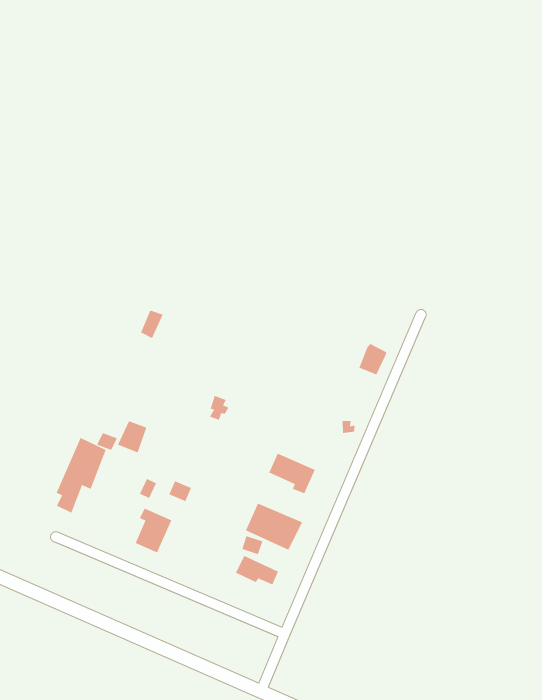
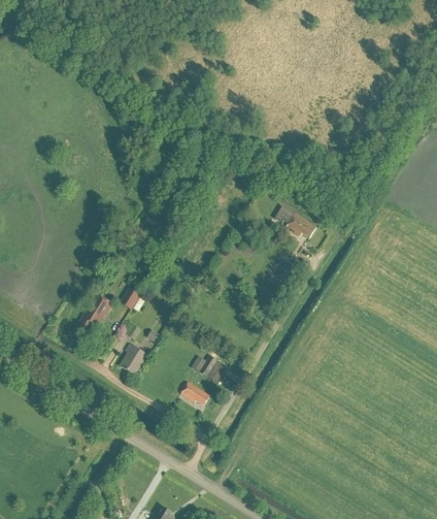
building: none -> [276,206,316,237]
building: [269,453,315,494] -> none

